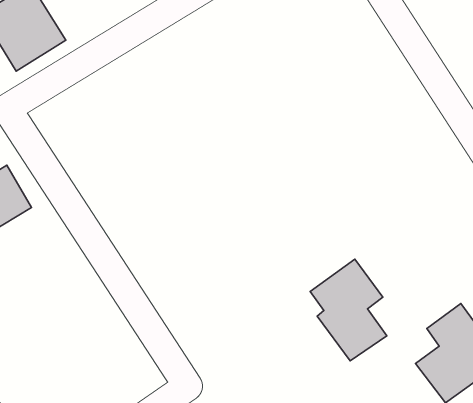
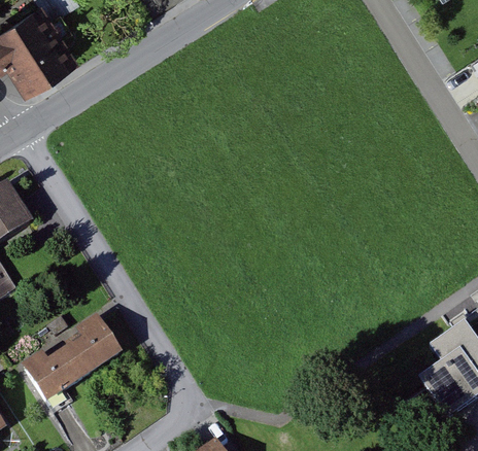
building: [310,259,387,361] -> none
building: none -> [20,315,125,404]

